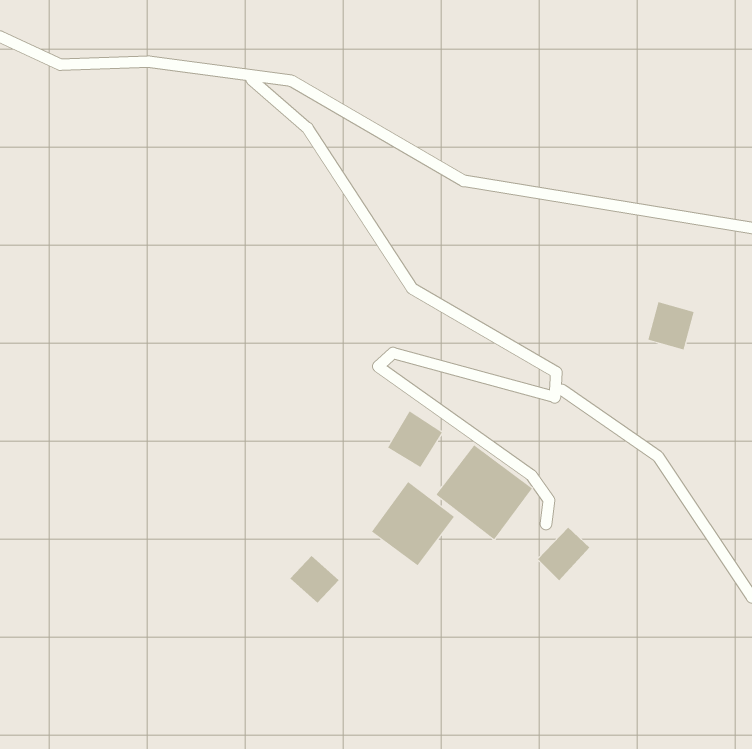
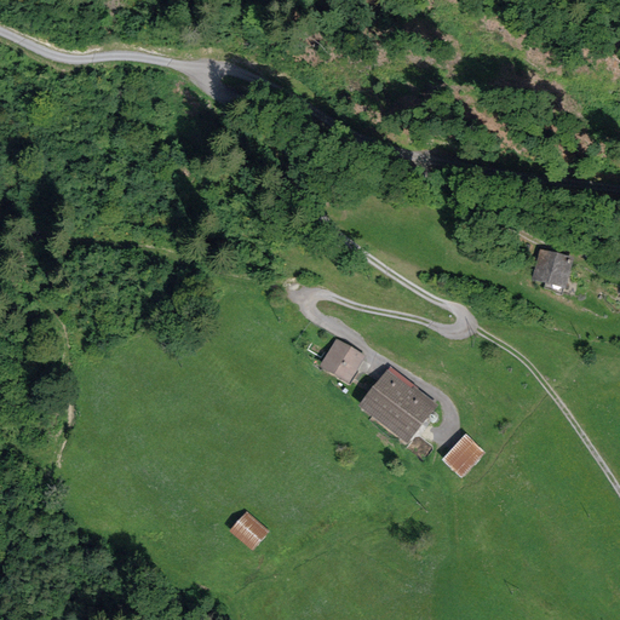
building: [371,481,455,566] -> none
building: [290,555,340,604] -> [229,509,270,549]

